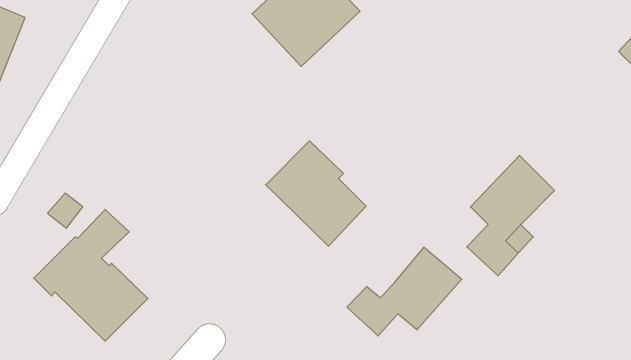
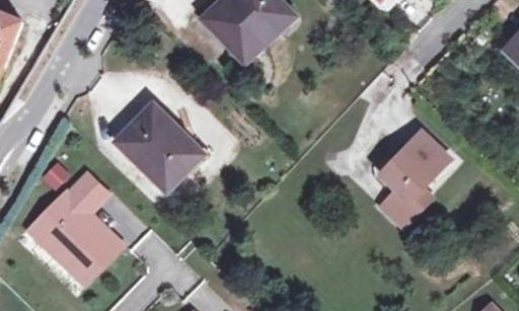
building: [266,141,366,246] -> [117,106,198,191]
building: [347,247,462,336] -> none

